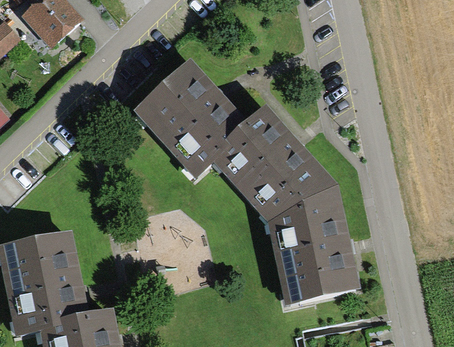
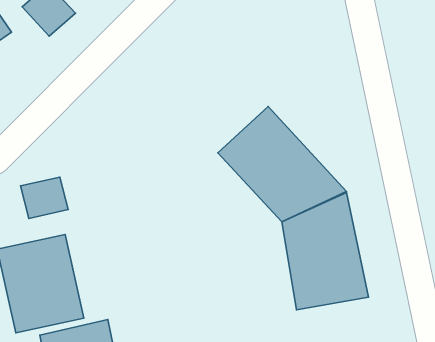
building: [135,64,242,172] -> none
building: none -> [20,177,68,218]

